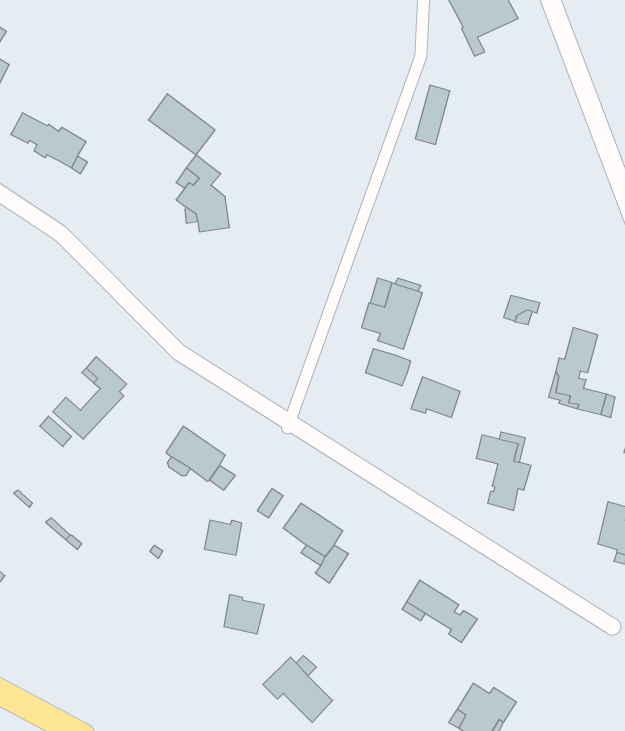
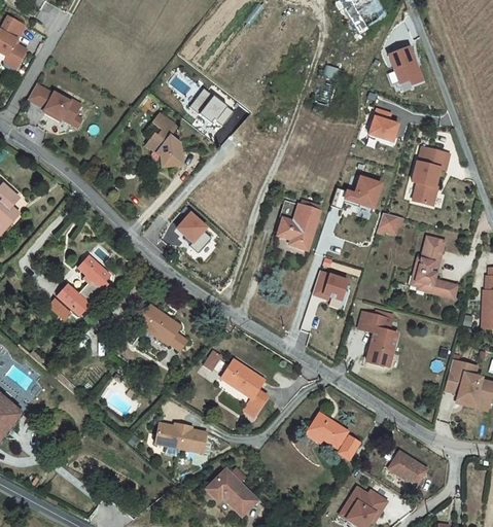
building: none -> [390,48,424,87]
building: [148,94,215,155] -> [187,85,235,129]
building: none -> [368,109,398,142]
building: none -> [412,147,449,206]
building: none -> [330,177,381,210]
building: none -> [177,214,215,254]
building: [366,349,411,386] -> none
building: [204,520,242,555] -> [156,423,183,448]
building: none -> [388,451,427,487]

